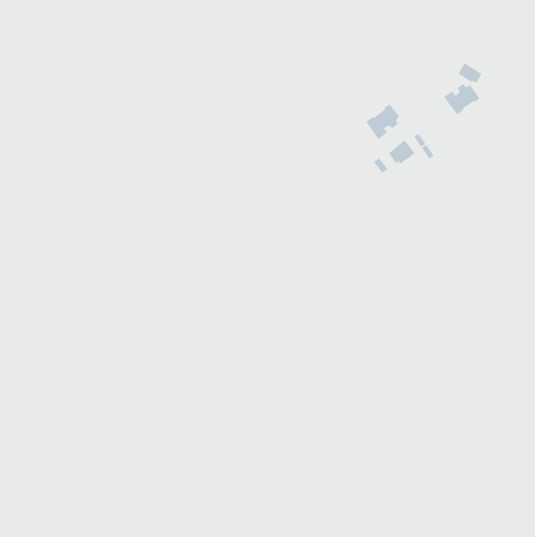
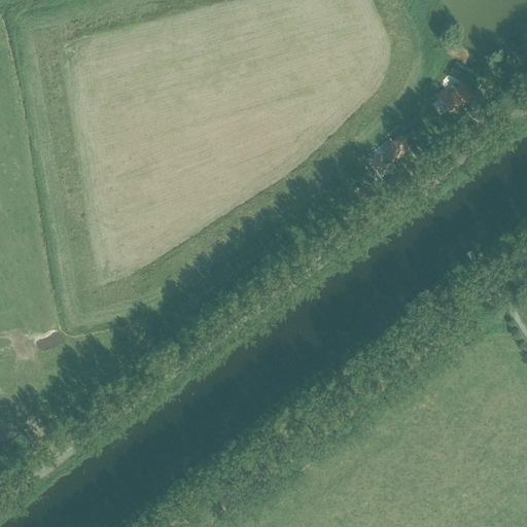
building: [365,104,400,140] -> none

